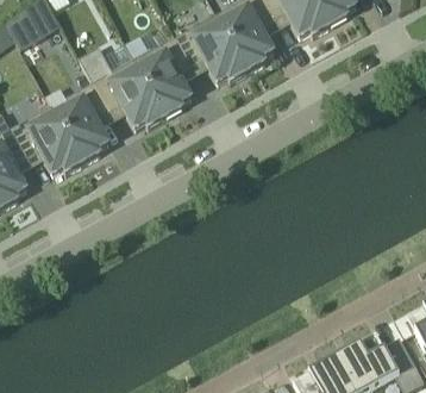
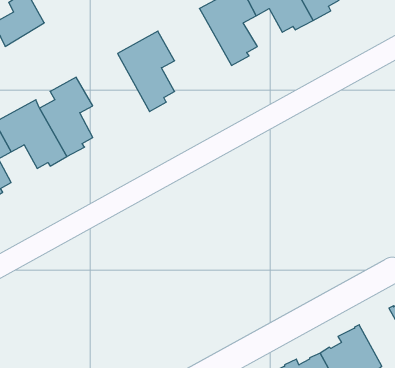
building: [174,13,248,82] -> none
building: [79,46,165,129] -> none

